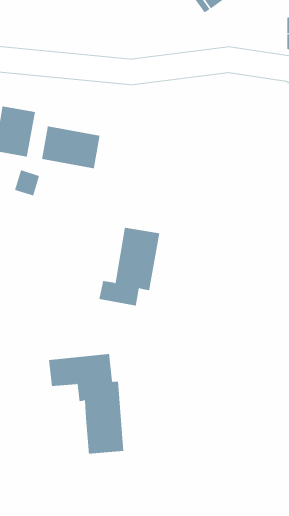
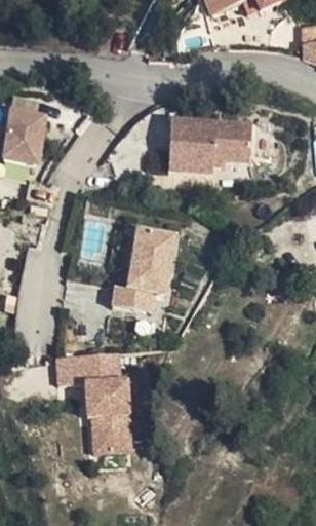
building: none -> [171,120,255,173]
building: [41,126,100,169] -> none

